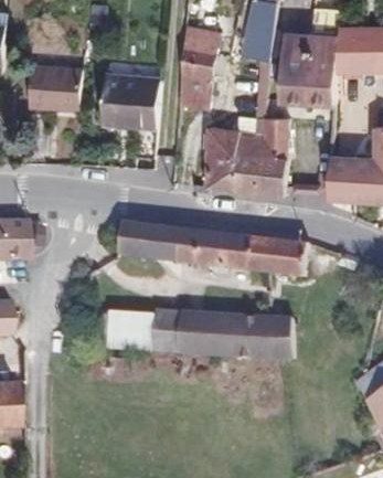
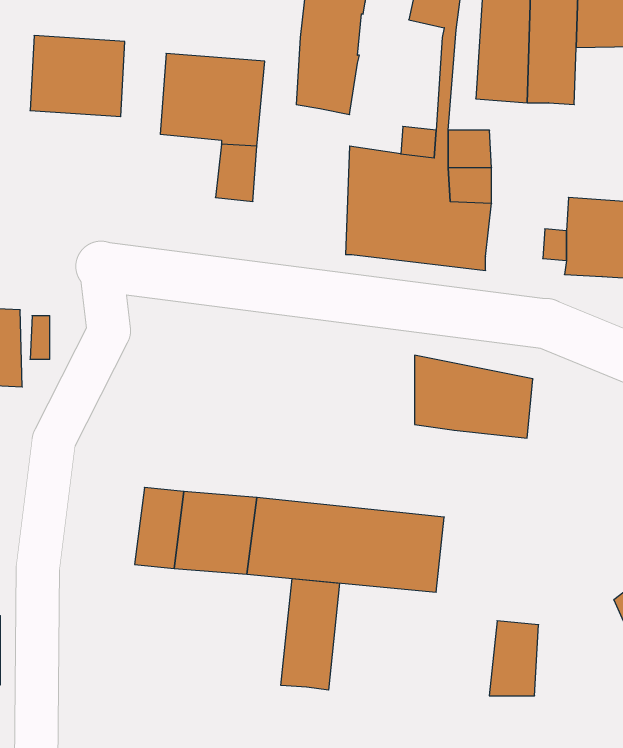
building: [123,225,245,279] -> none
building: [257,331,285,373] -> [489,621,539,696]
building: none -> [281,579,340,690]

